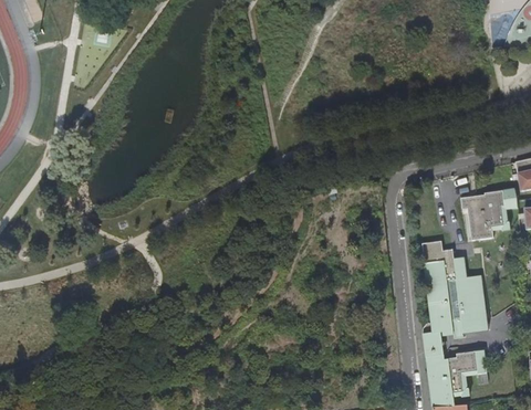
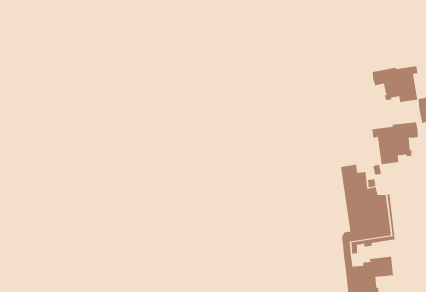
building: none -> [372,65,418,103]

